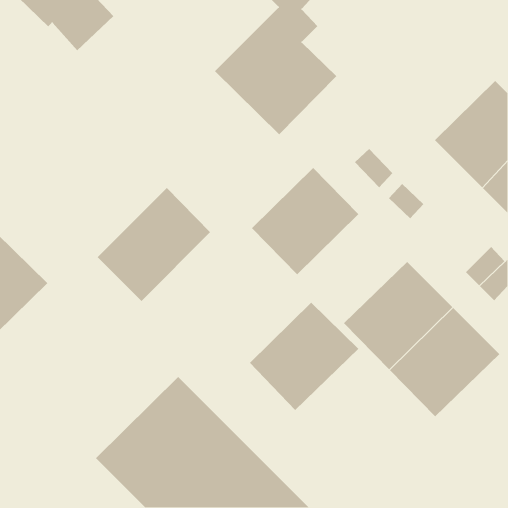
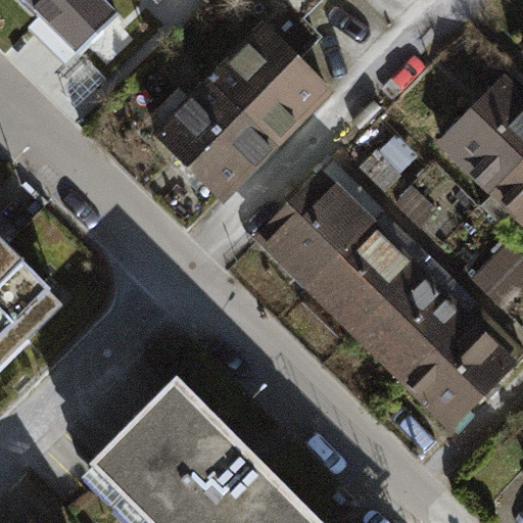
building: none -> [159,73,285,198]
building: [97,187,211,302] -> none
building: [249,302,359,411] -> [303,219,416,330]

